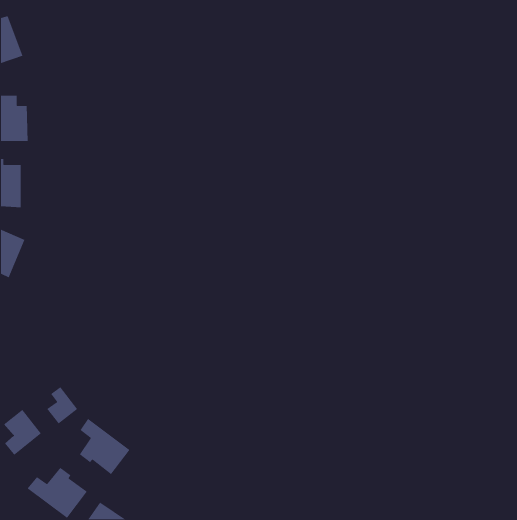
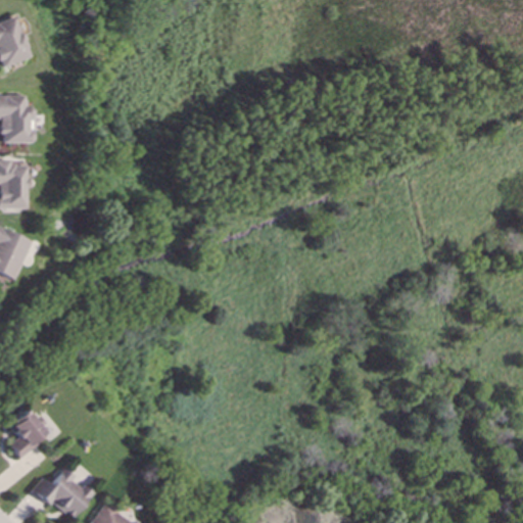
building: [46,386,78,425] -> none
building: [79,418,131,475] -> none

